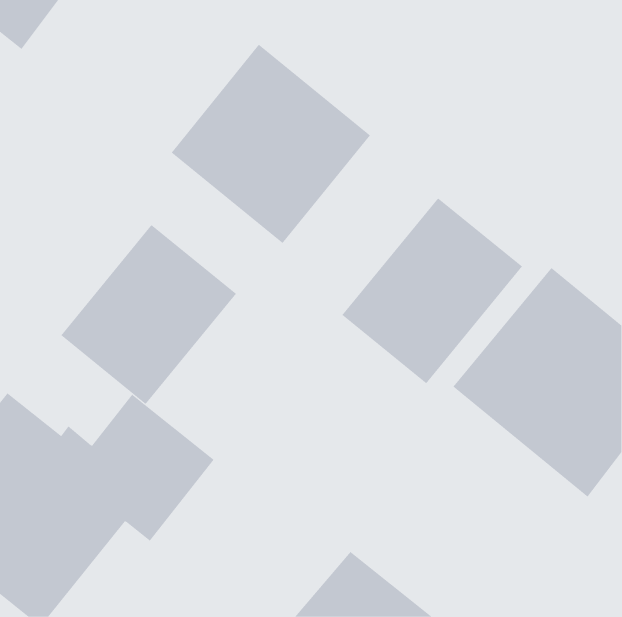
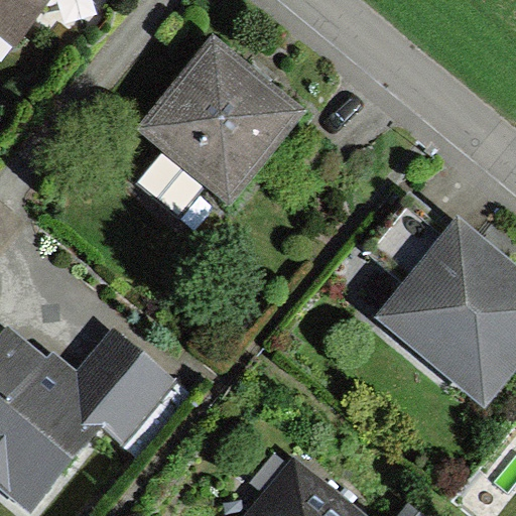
building: [341,197,523,384] -> none
building: [61,224,237,405] -> none

